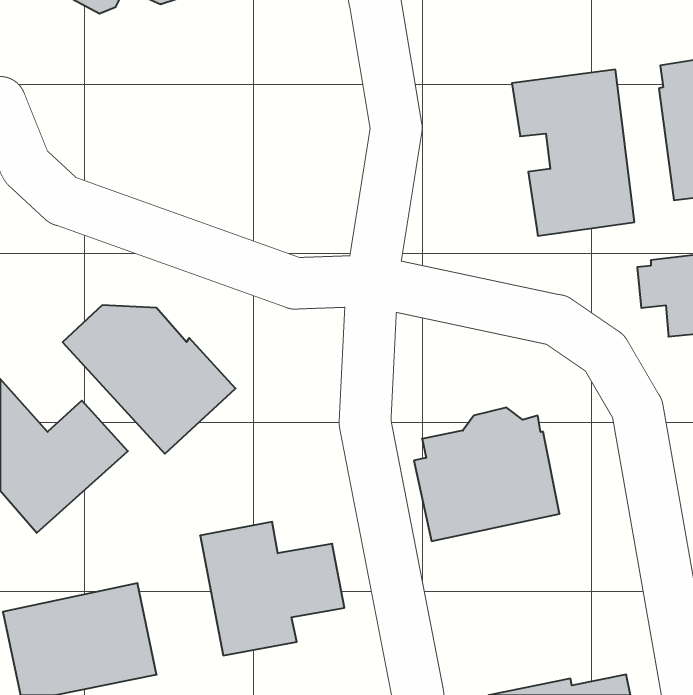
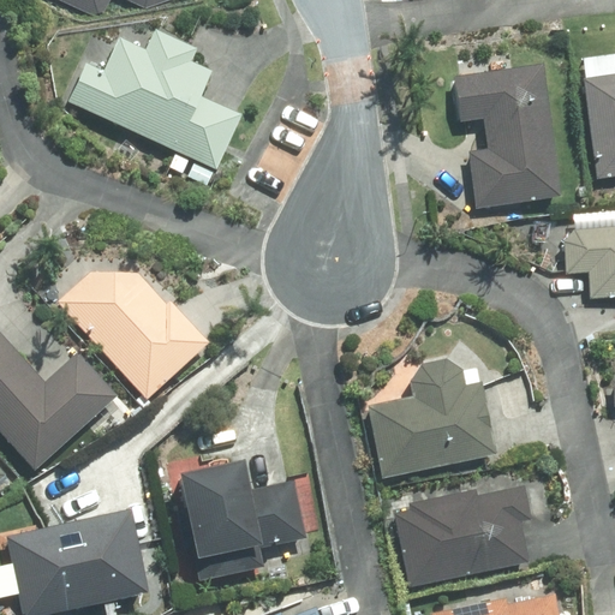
building: none -> [68,28,240,172]
building: none -> [395,483,532,586]

